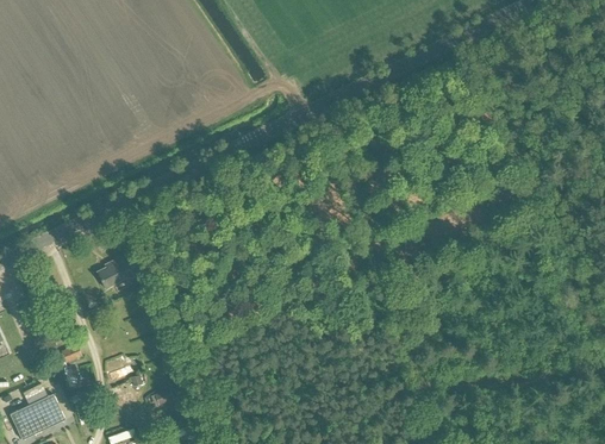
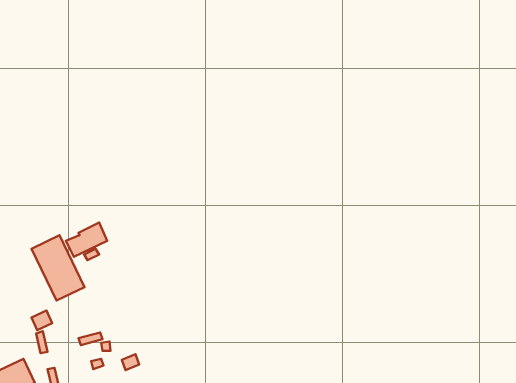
building: none -> [31,235,85,301]

